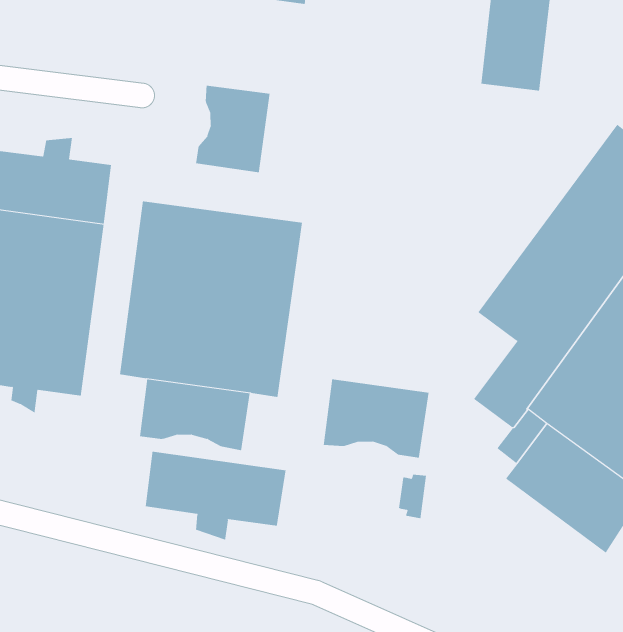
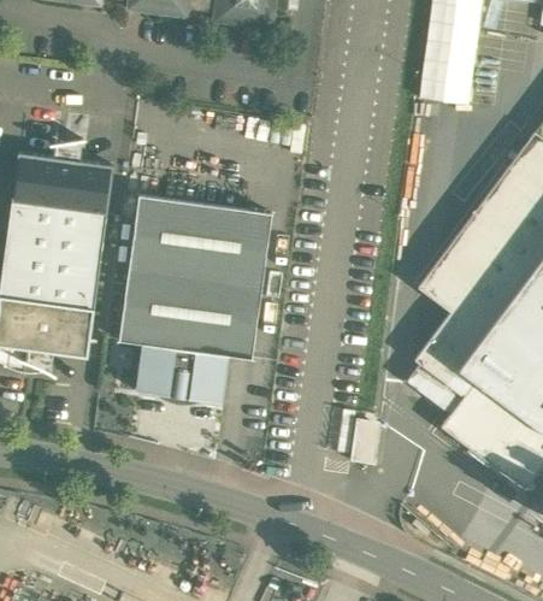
building: [195,85,270,173] -> none
building: [323,379,429,459] -> none
building: [145,451,286,541] -> none

